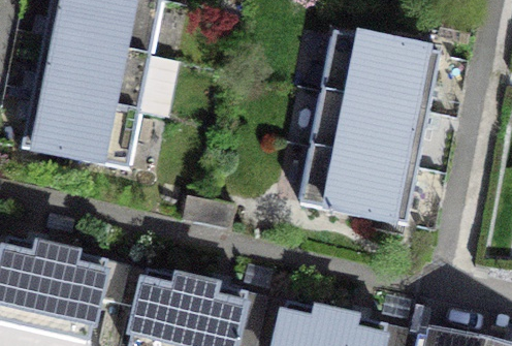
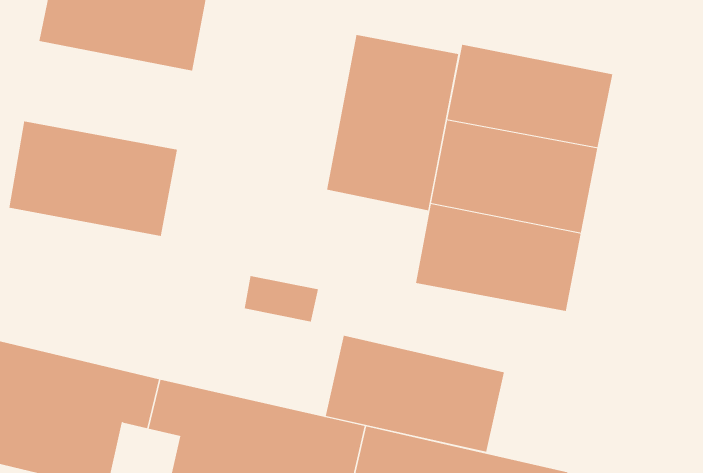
building: none -> [327,34,459,211]
building: [33,32,150,106] -> none
building: none -> [325,335,505,452]

